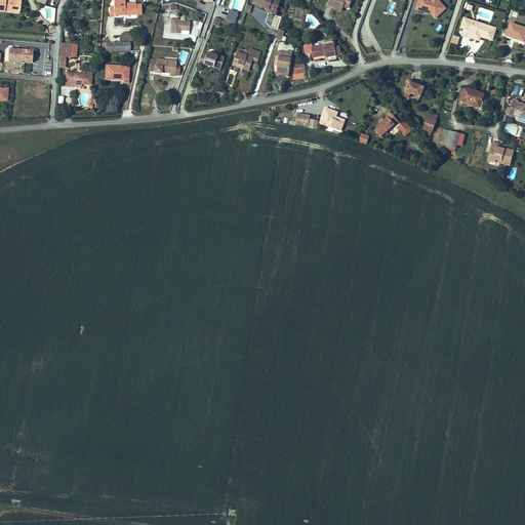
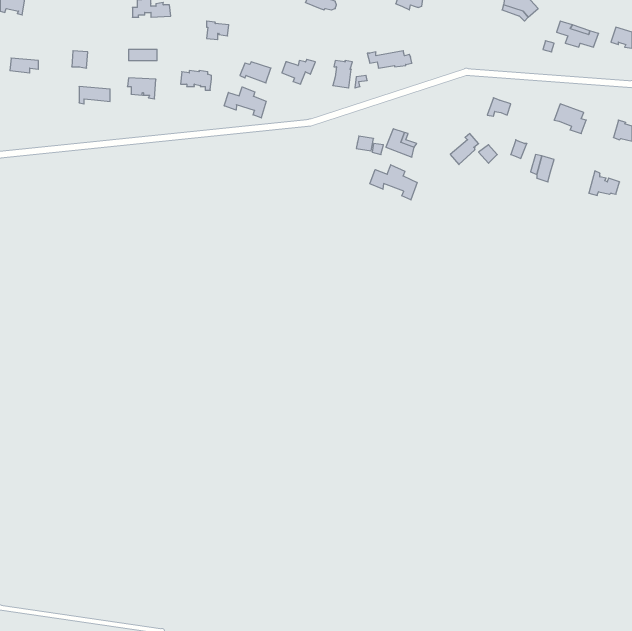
building: none -> [224,87,266,118]
building: none -> [370,165,417,200]

